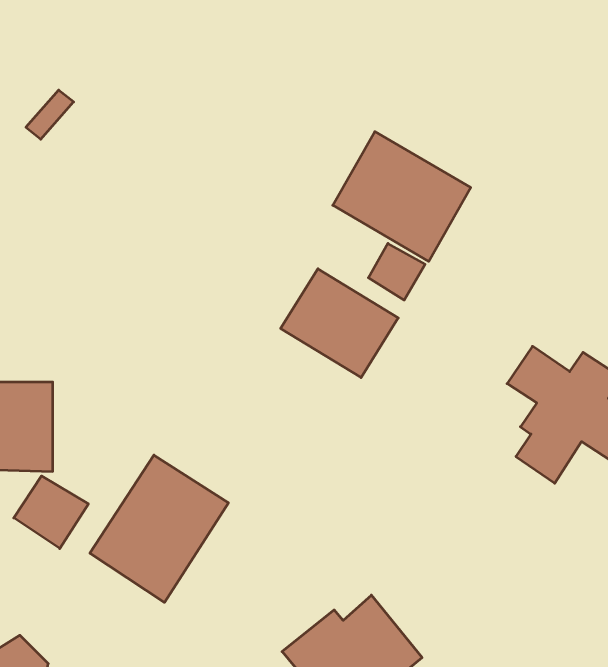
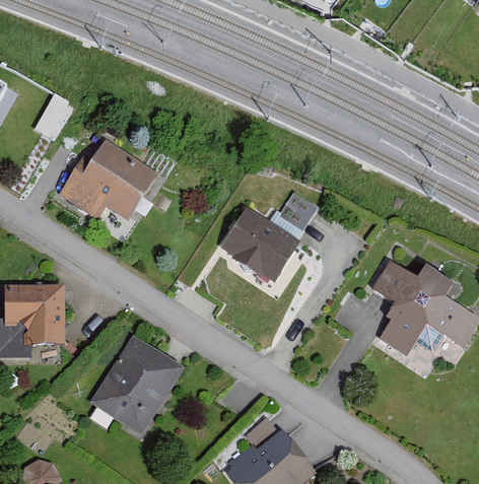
building: [333,132,471,261] -> none
building: none -> [59,140,157,221]
building: [14,476,88,549] -> none

